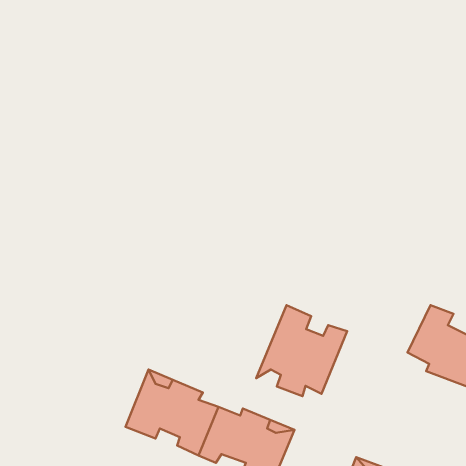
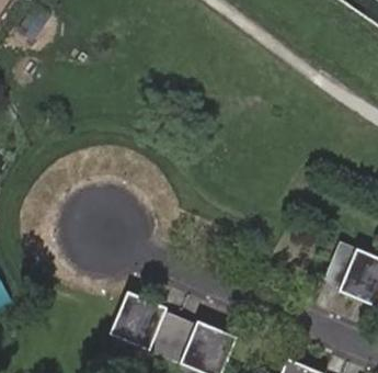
building: [256,305,347,396] -> none

